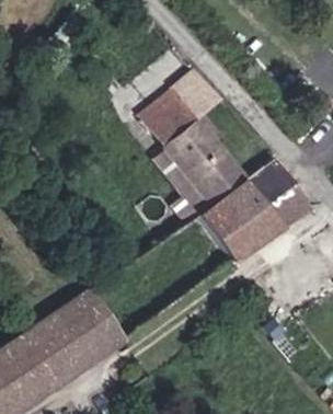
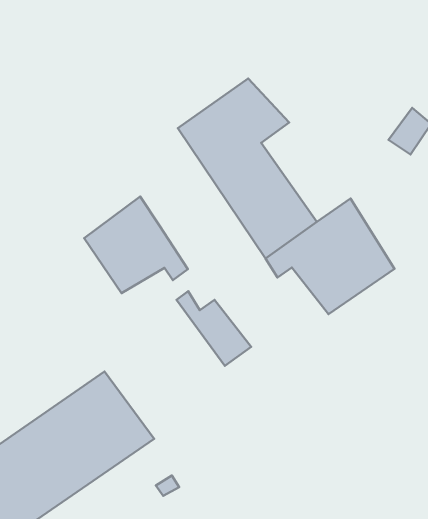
building: none -> [84,197,188,293]
building: [198,206,254,262] -> [176,291,251,366]

